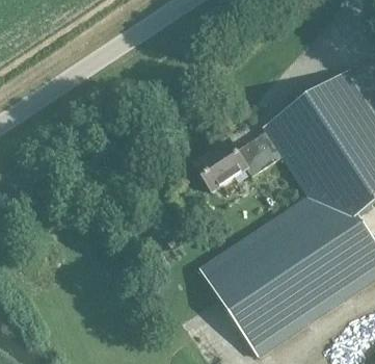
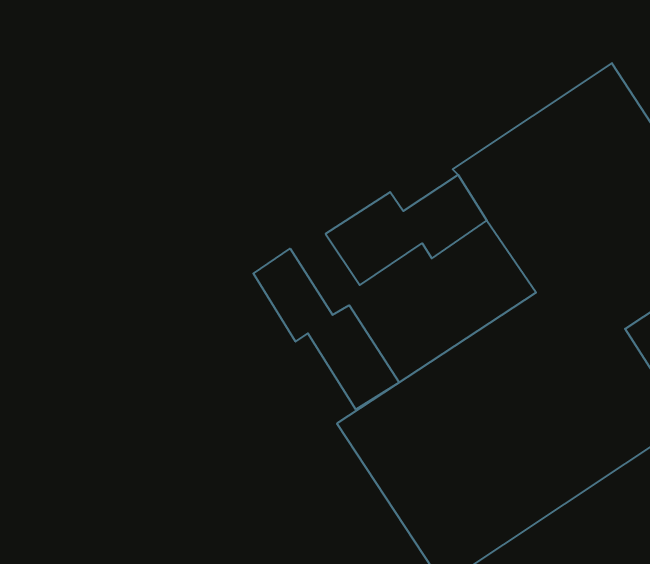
building: none -> [253,249,399,409]

